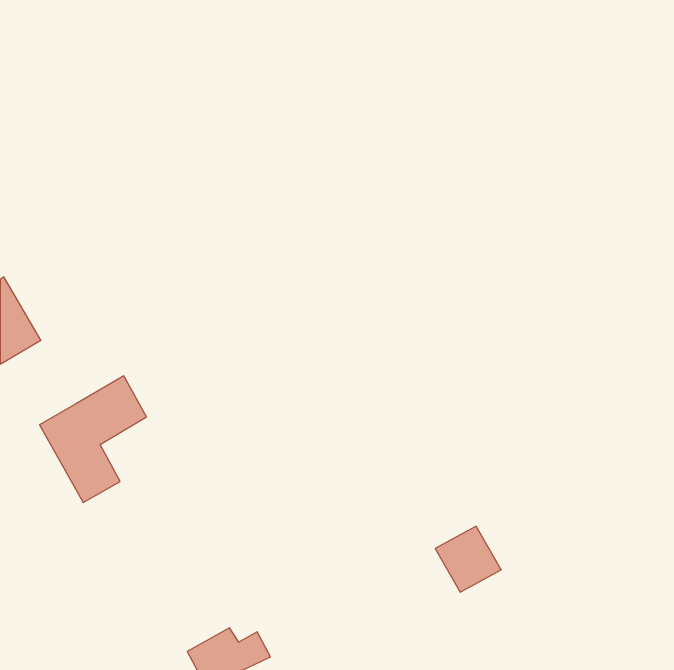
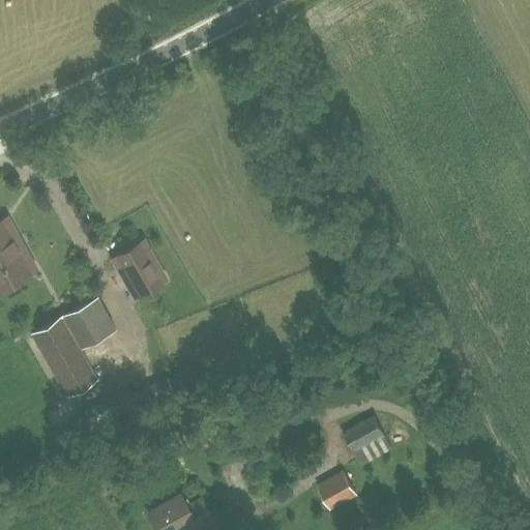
building: none -> [112,241,164,295]
building: none -> [318,473,357,510]

